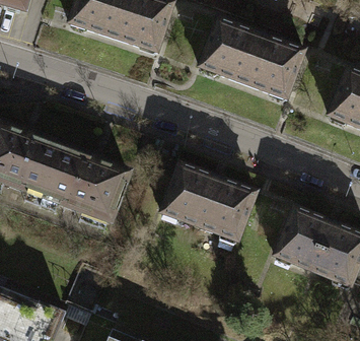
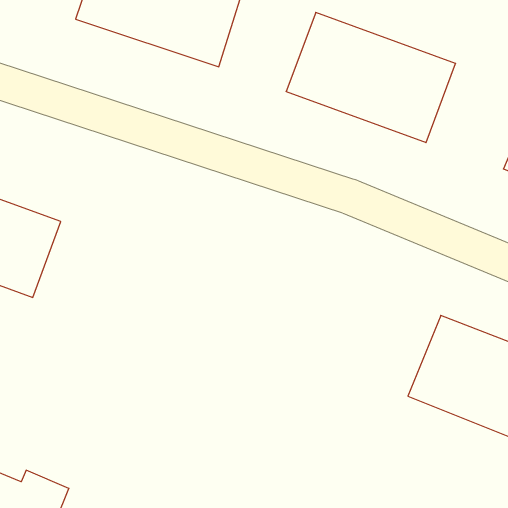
building: [42,148,127,219] -> none
building: [159,163,255,242] -> none

